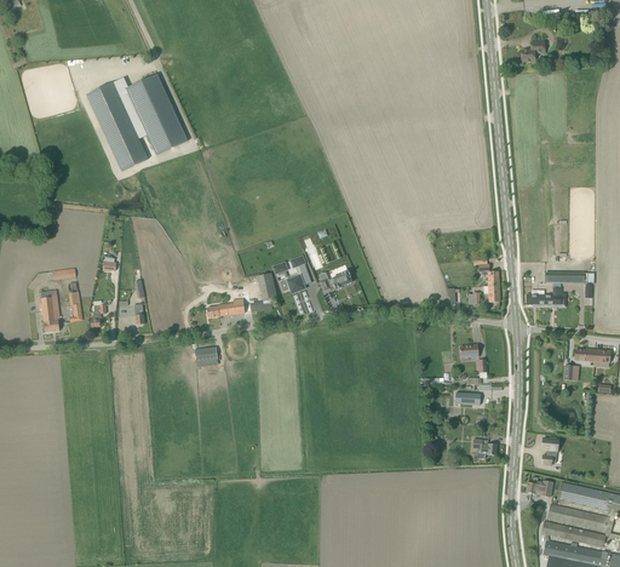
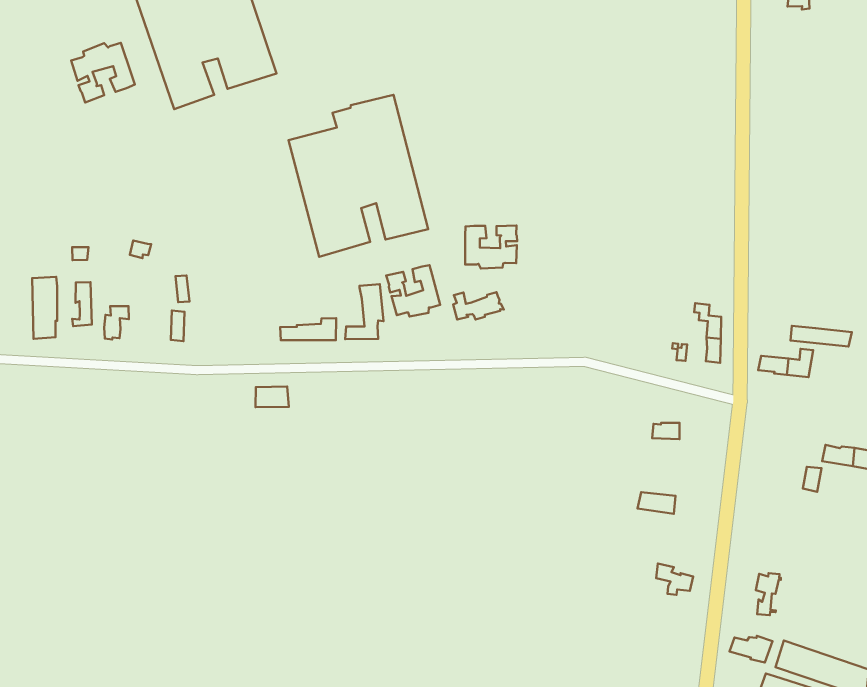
building: none -> [71,43,135,102]
building: none -> [289,95,428,257]
building: none -> [465,225,517,269]

